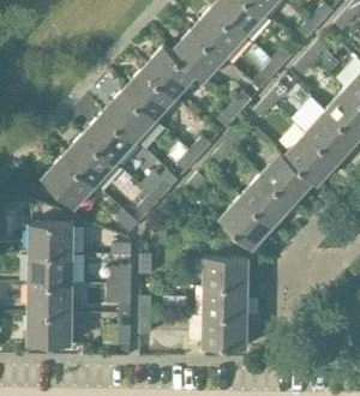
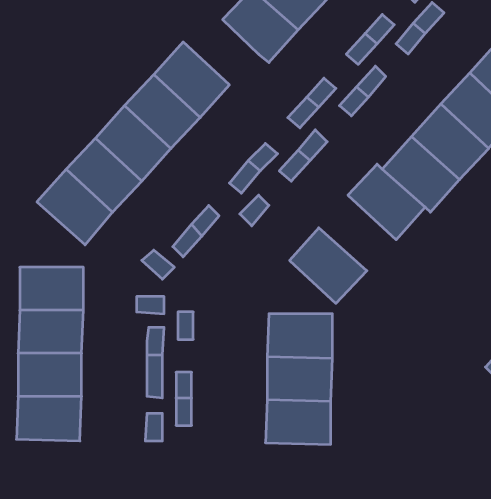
building: [144,47,197,98] -> none
building: [239,175,293,228] -> none

